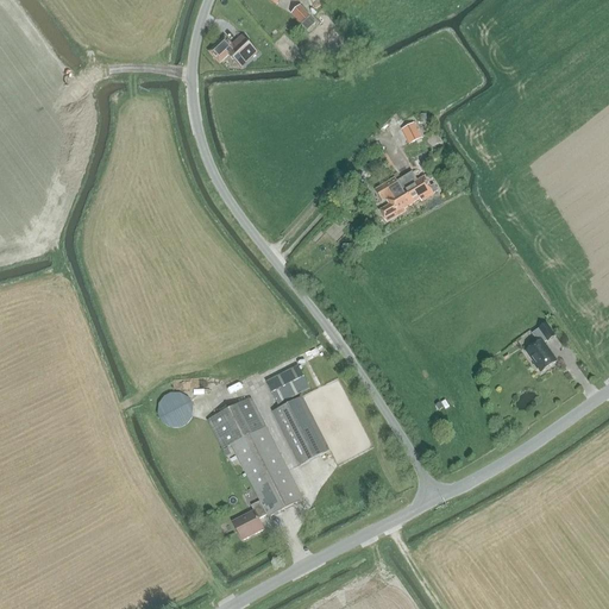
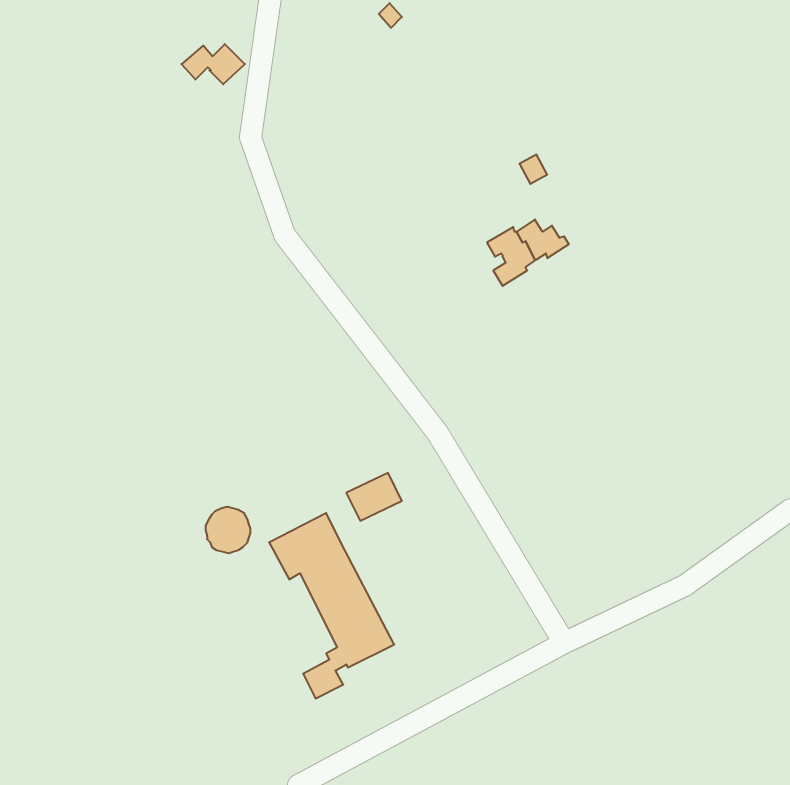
building: [209,33,258,64] -> [181,44,245,84]
building: [526,320,557,370] -> none
building: [274,394,329,463] -> none

